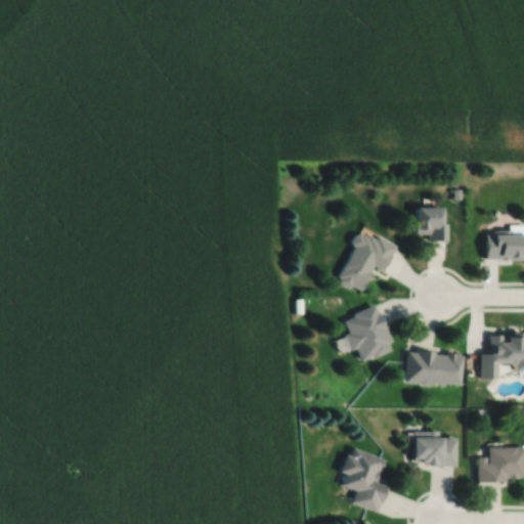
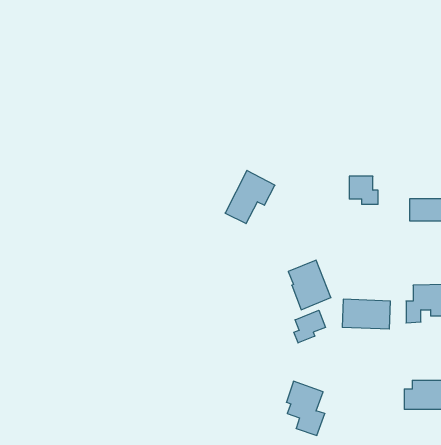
building: [338,230,396,293] -> [225,170,275,224]
building: none -> [294,310,326,343]
building: [412,437,457,467] -> none

